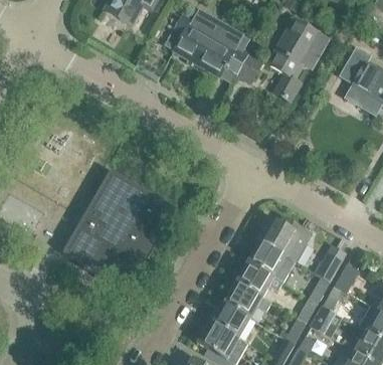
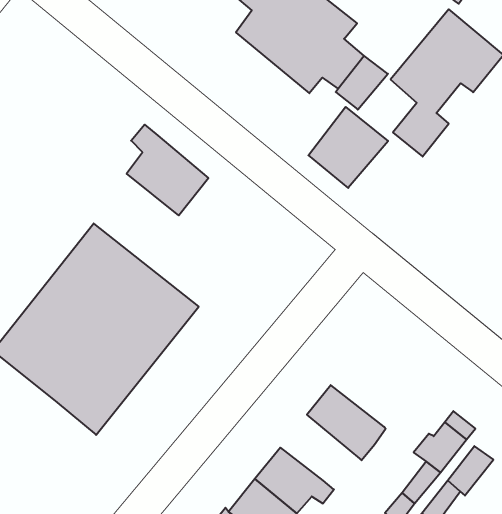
building: none -> [308,107,388,188]
building: none -> [127,125,208,215]
building: [256,218,314,261] -> none
building: [236,261,283,298] -> none

